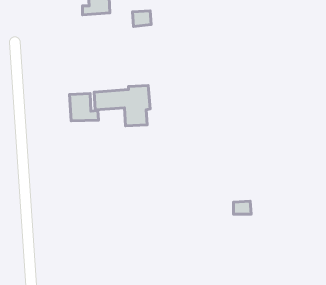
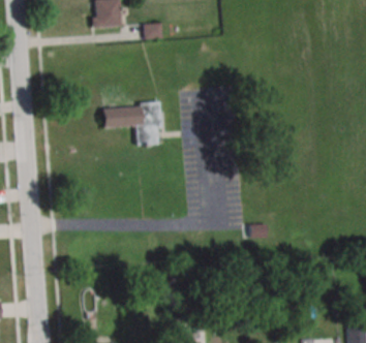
building: [70,93,99,121] -> none

